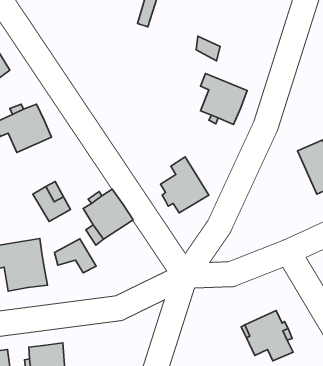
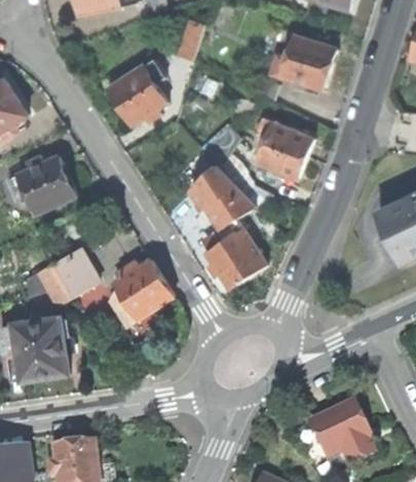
building: none -> [269,35,337,91]
building: none -> [107,58,168,125]
building: none -> [190,162,253,227]
building: [54,239,96,273] -> [23,264,73,305]

